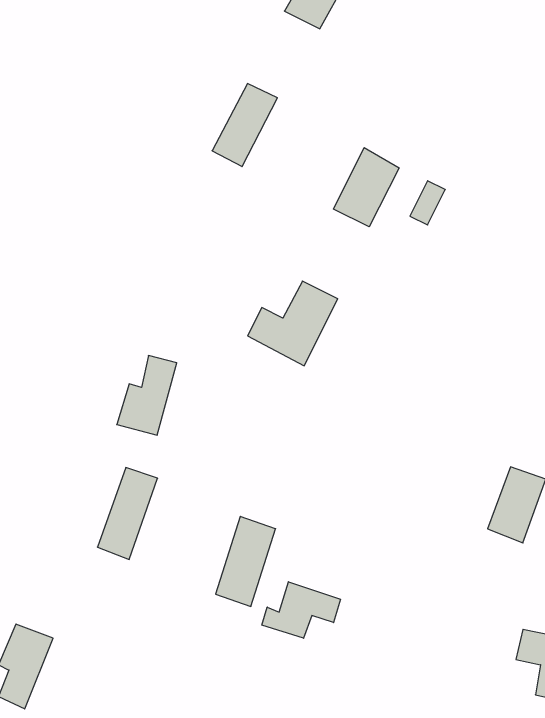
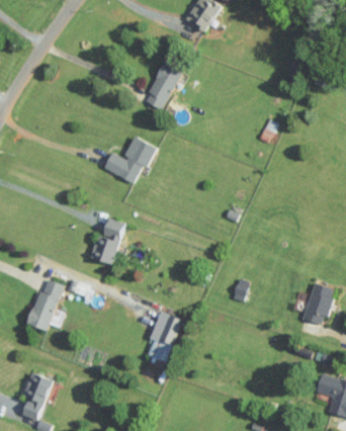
building: [333,148,399,227] -> none
building: [248,281,338,366] -> [103,137,155,185]
building: [97,468,158,559] -> [27,278,62,331]
building: [262,582,341,638] -> none

